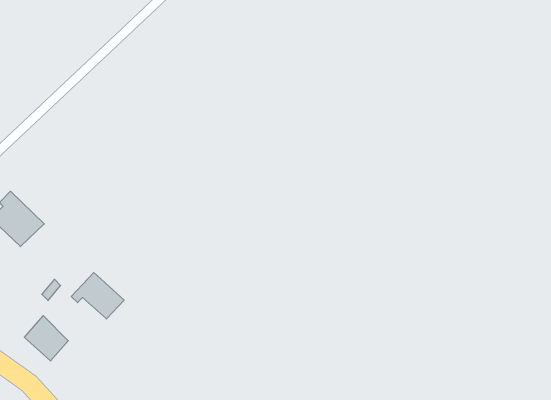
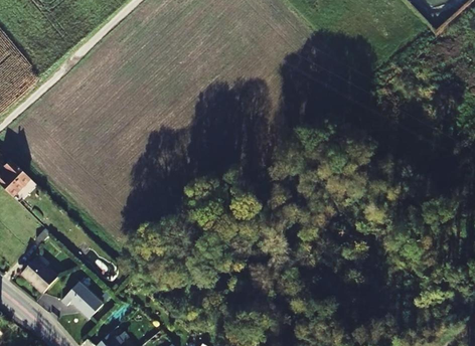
building: [71,273,124,319] -> [60,282,103,319]

